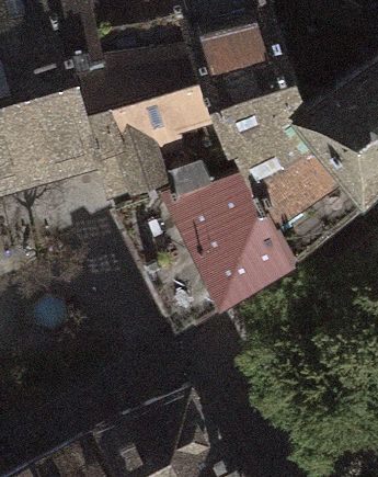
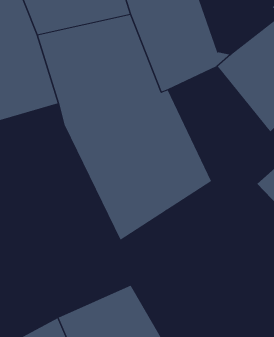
building: [239,120,369,266] -> none

